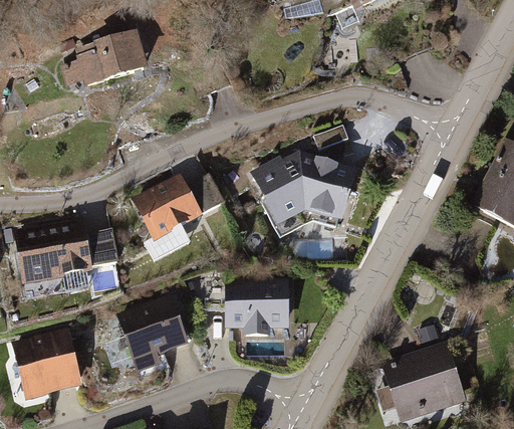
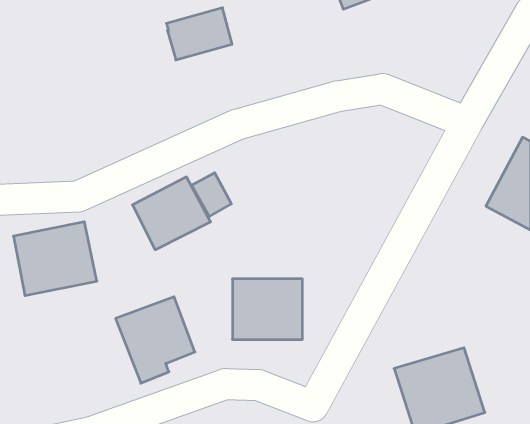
building: [79,32,143,82] -> [166,8,232,60]
building: [248,140,358,223] -> none
building: [87,228,118,266] -> none
building: [10,329,83,406] -> none

